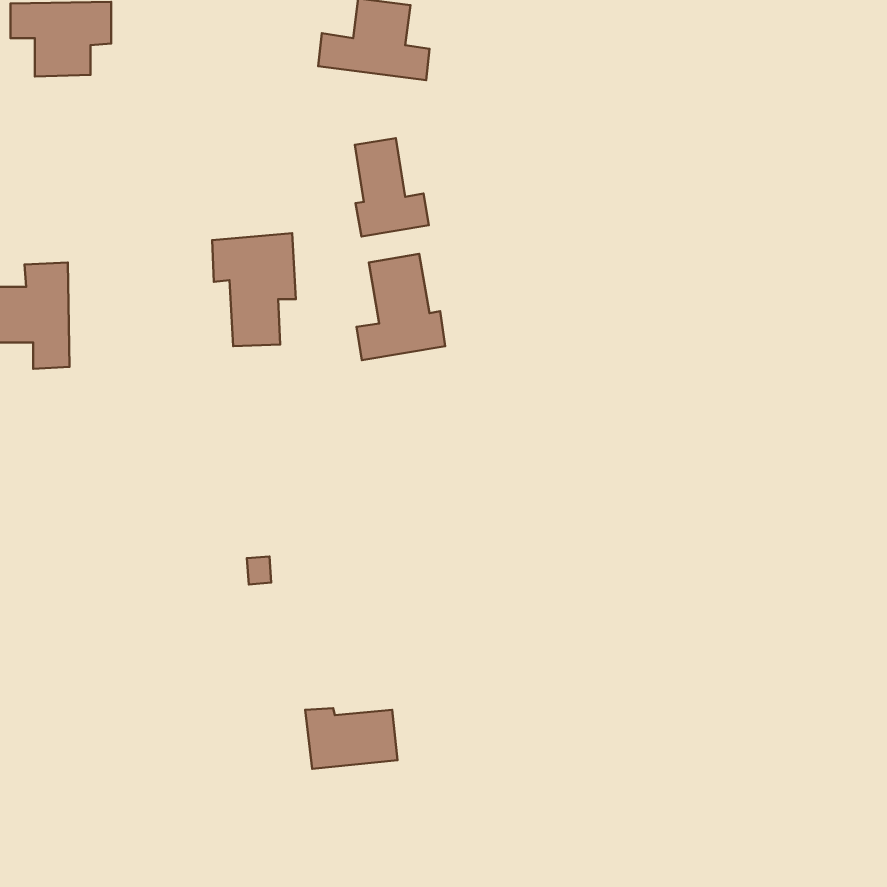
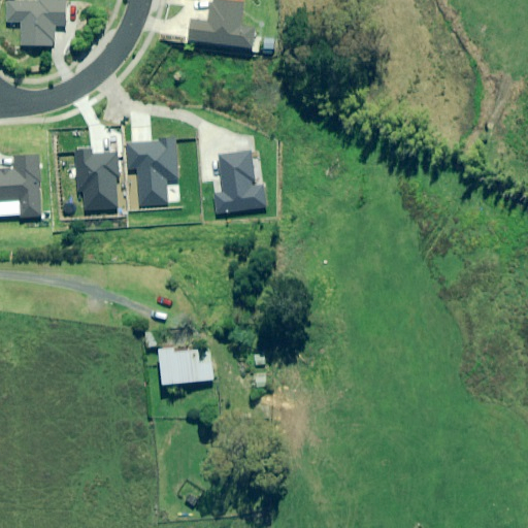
building: [355,138,429,236] -> none
building: none -> [73,150,118,211]
building: [305,708,397,769] -> [160,349,214,385]

